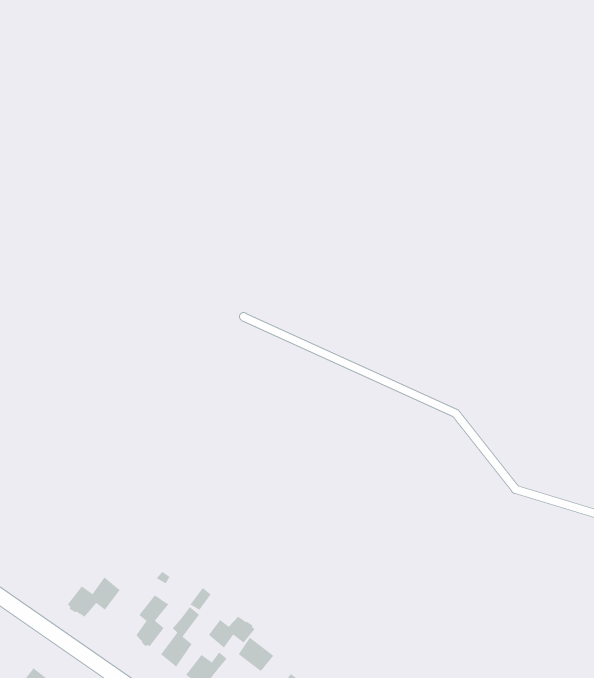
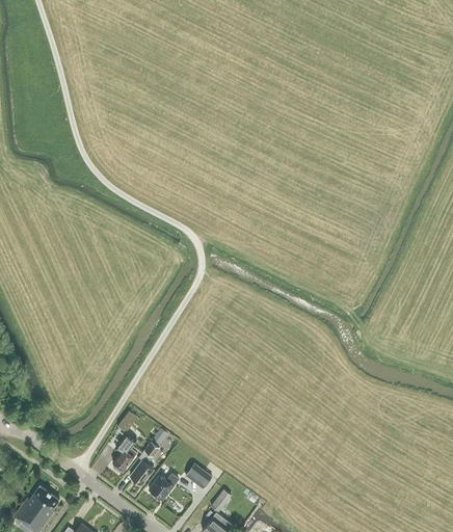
building: [67,576,120,617] -> none
building: [208,616,255,648] -> none

